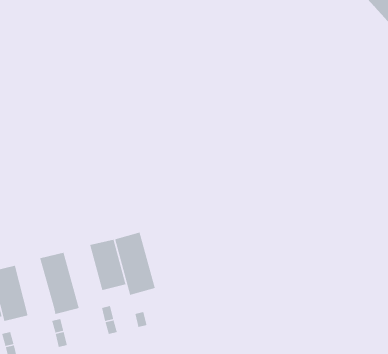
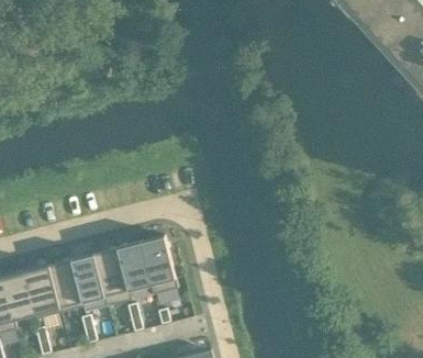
building: none -> [90,249,127,309]
building: none -> [45,261,80,315]

